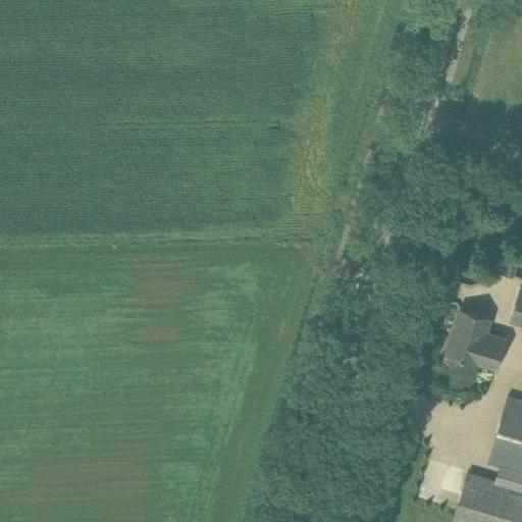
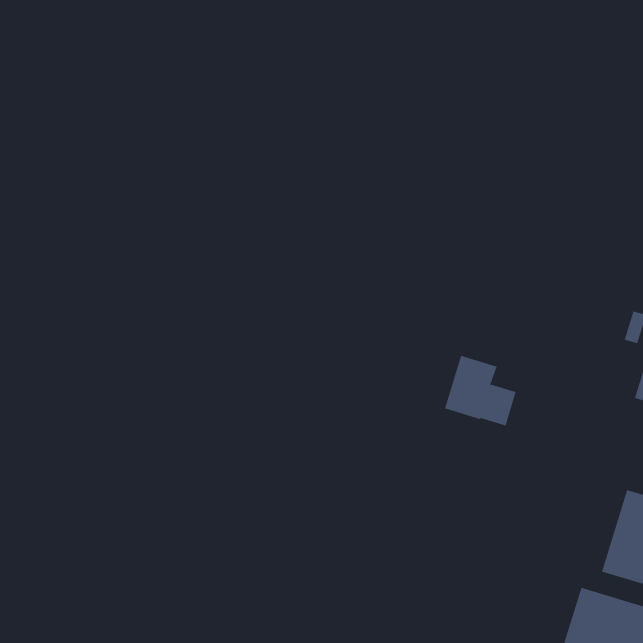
building: [451,313,509,370] -> [444,355,516,426]

